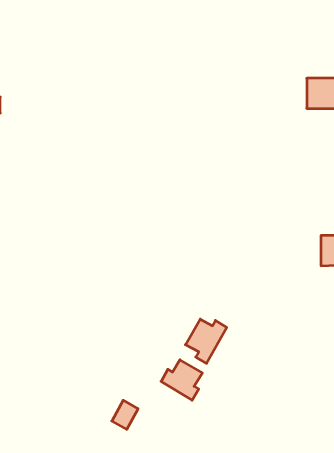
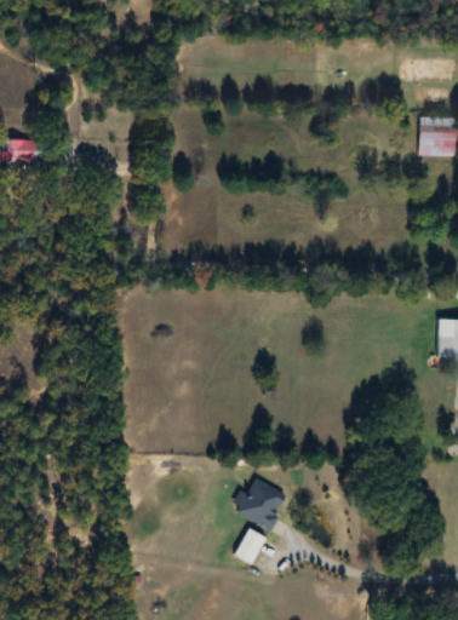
building: [185,319,227,363] -> none
building: [112,400,138,429] -> [234,528,268,566]

